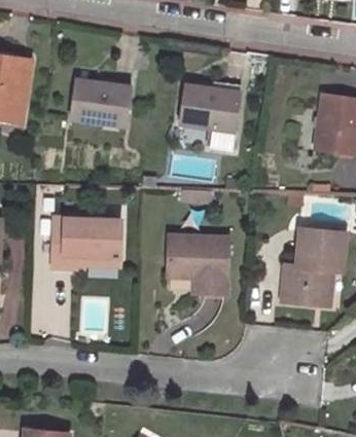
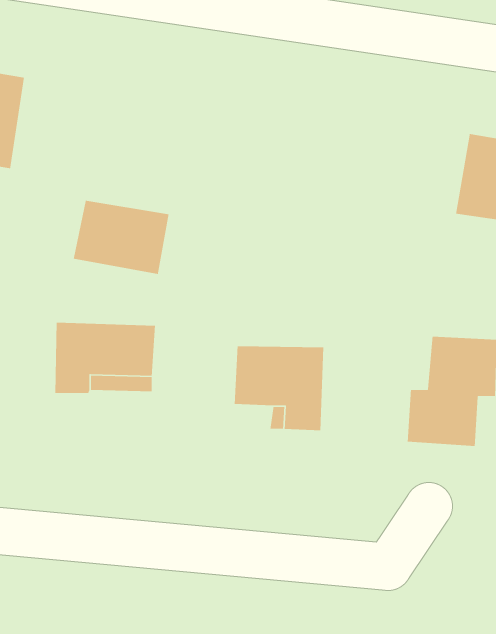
building: [68,78,132,128] -> [73,200,169,275]
building: [180,83,241,153] -> none

